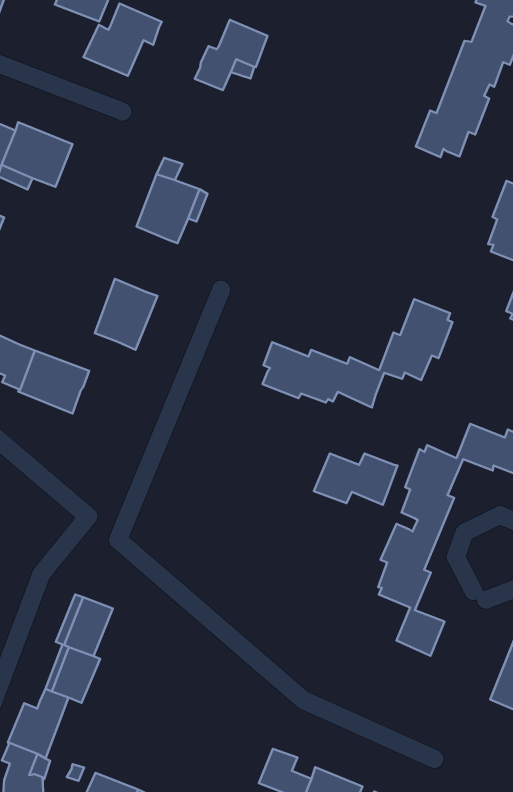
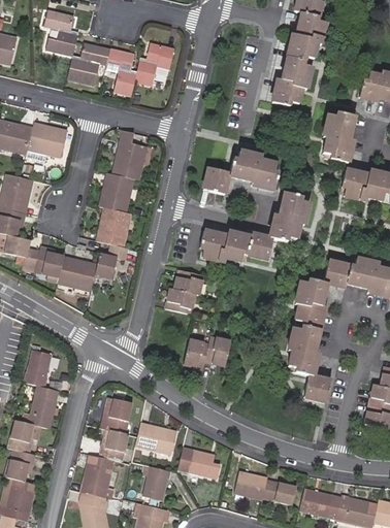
building: none -> [105,51,136,95]
building: none -> [203,152,278,194]
building: none -> [99,172,133,211]
building: none -> [95,243,127,277]
building: none -> [165,269,202,314]
building: [314,454,397,505] -> [183,336,230,367]
building: none -> [134,422,175,454]
building: none -> [176,446,221,478]
building: none -> [141,465,168,499]

